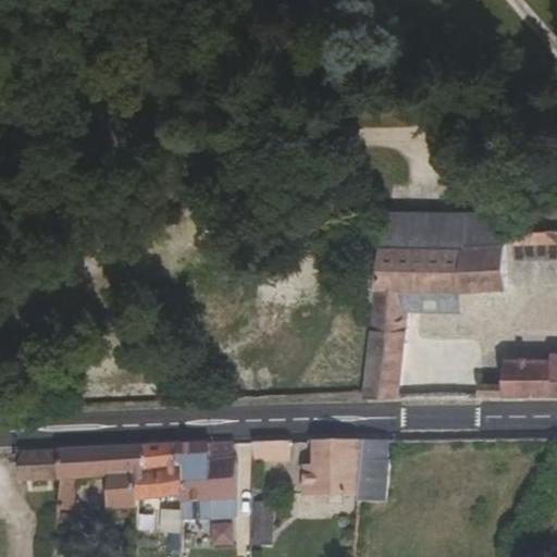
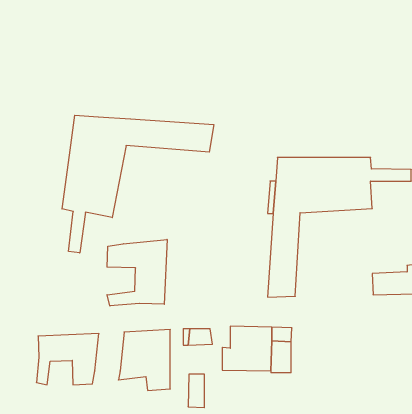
building: none -> [62,115,214,253]
building: none -> [107,239,167,306]
building: [131,445,170,497] -> none
building: [15,450,55,483] -> none

